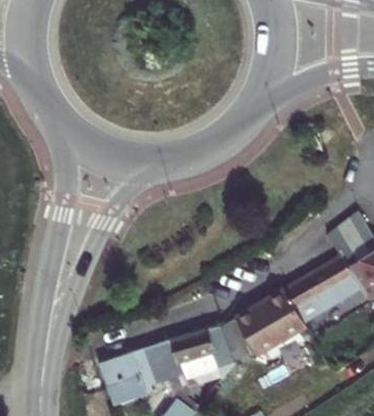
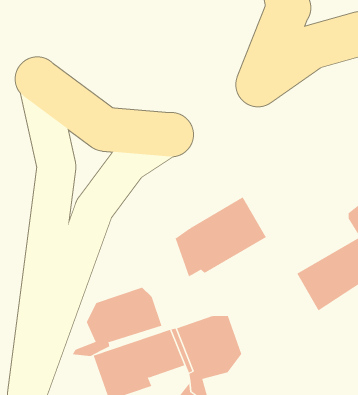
building: [220,290,304,363] -> [175,196,267,277]
building: none -> [72,287,162,357]

